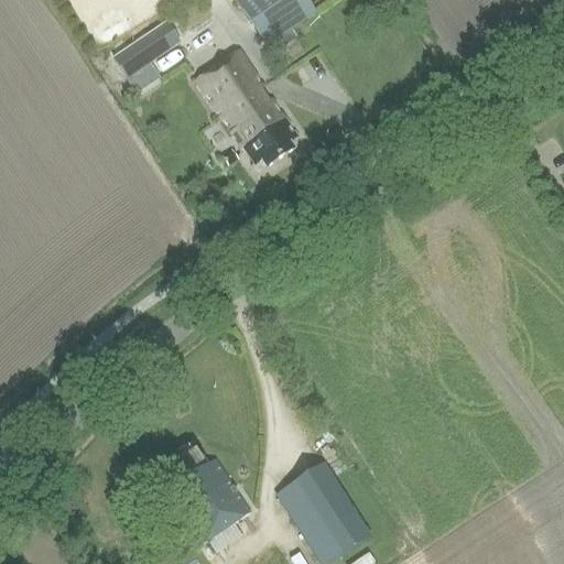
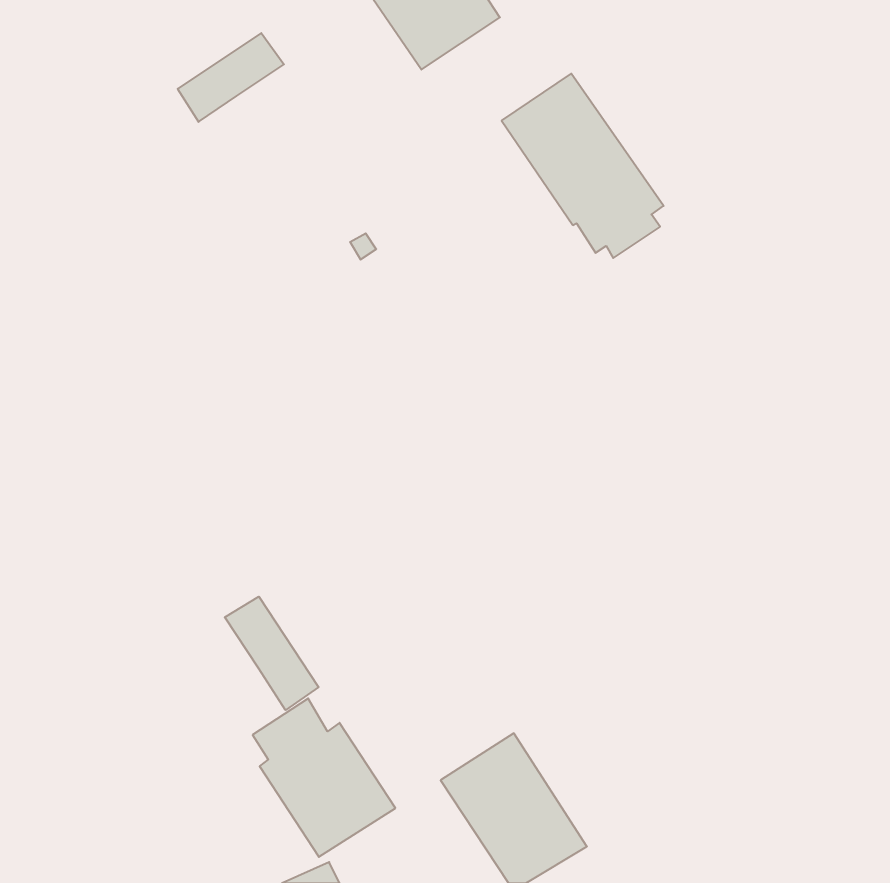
building: [195,50,297,166] -> [502,74,664,258]
building: none -> [225,597,319,710]

